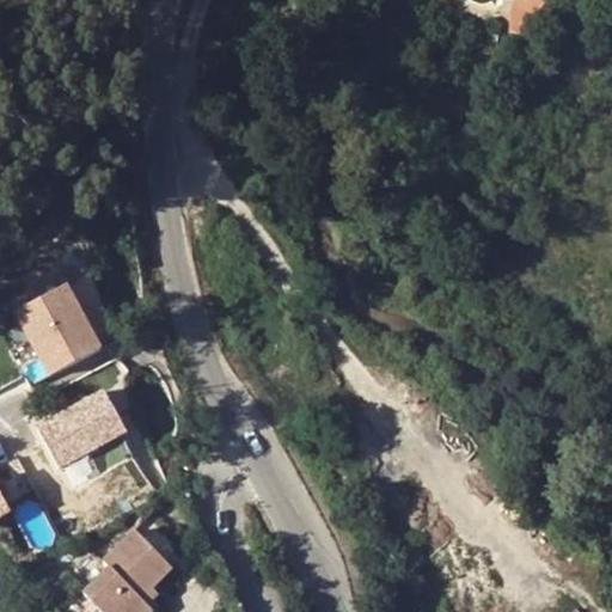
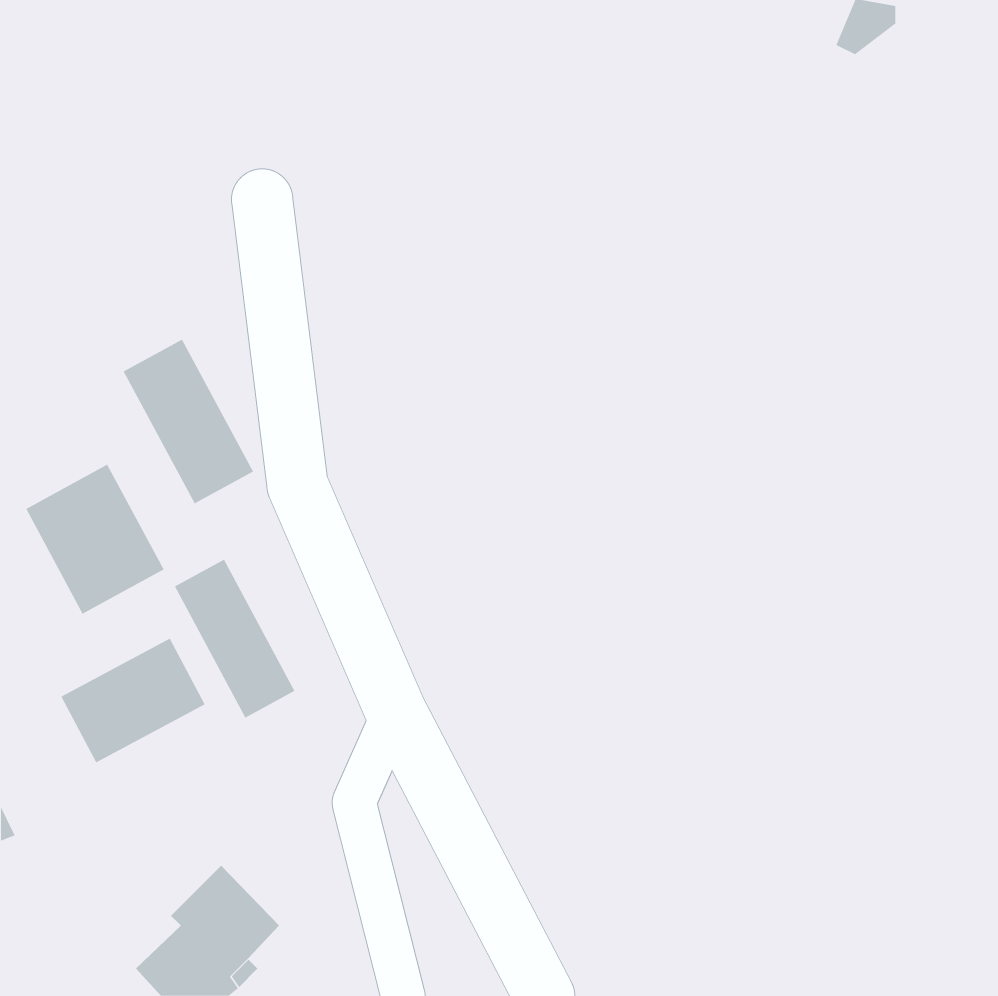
building: none -> [123,339,254,504]
building: none -> [174,559,295,718]

